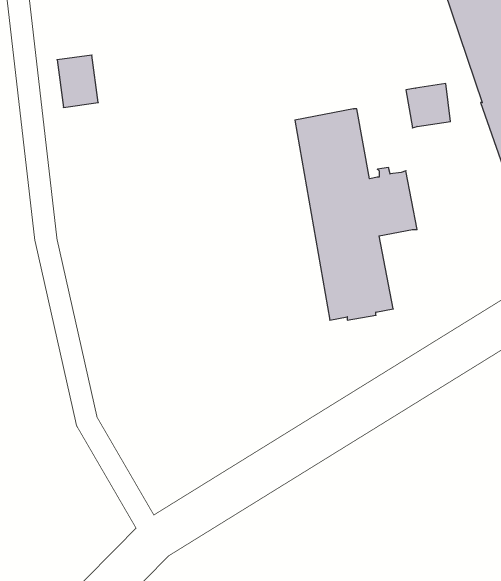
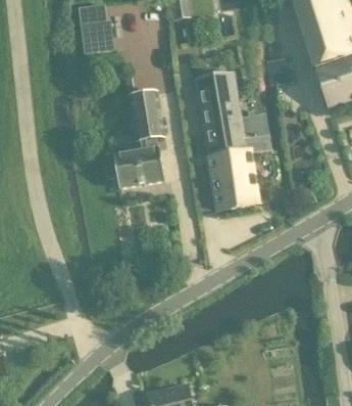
building: [57,55,98,107] -> [80,19,106,53]
building: none -> [103,91,163,187]

